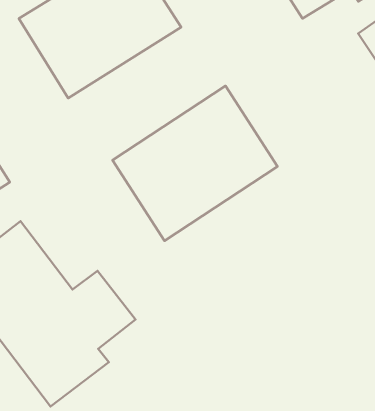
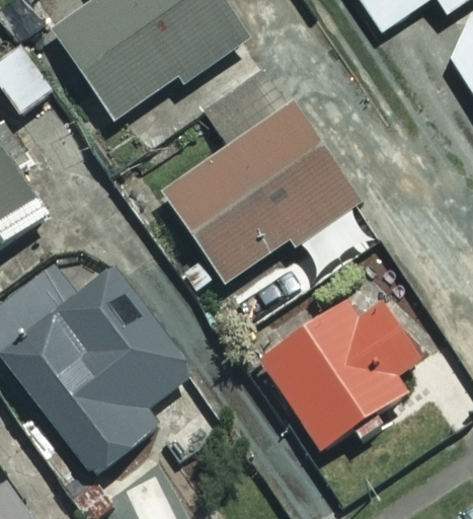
building: none -> [259,282,419,448]

